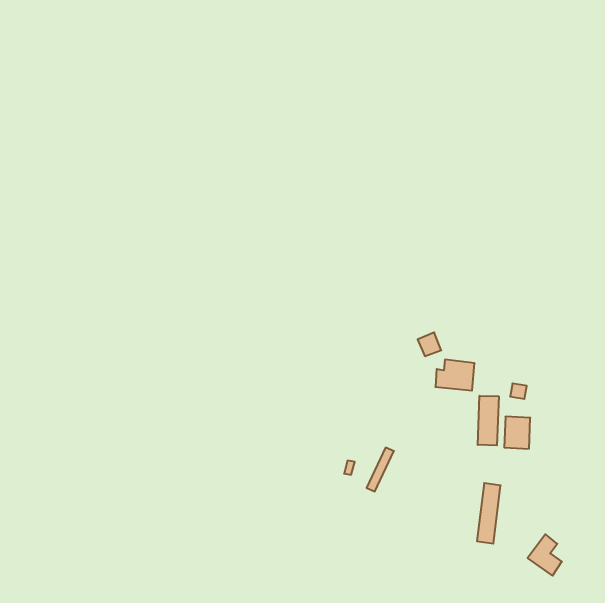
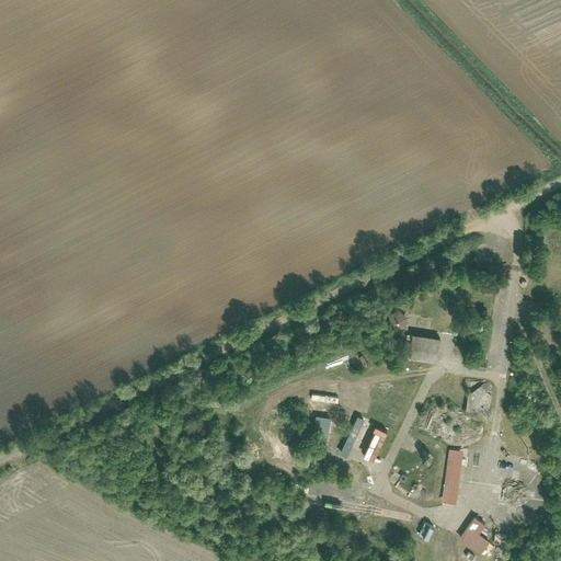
building: [478,396,499,445] -> none
building: [528,534,562,576] -> [458,517,490,556]

